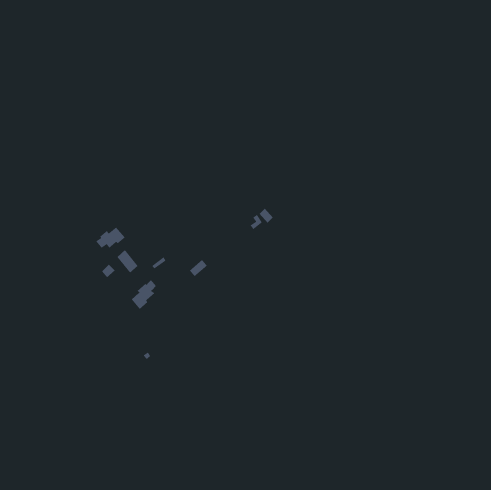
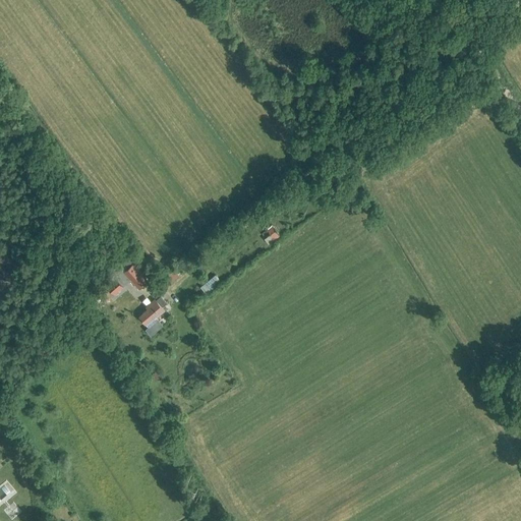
building: [95,226,126,249] -> none

